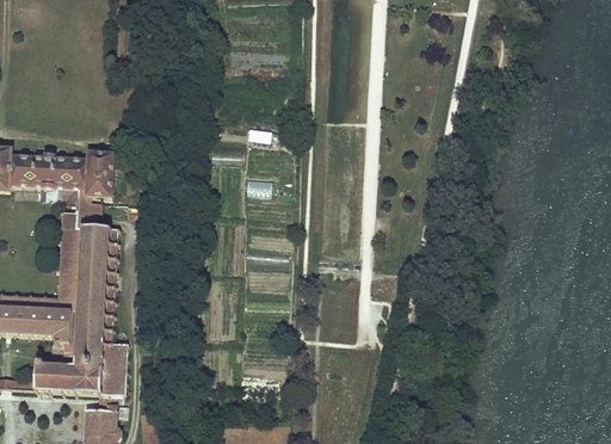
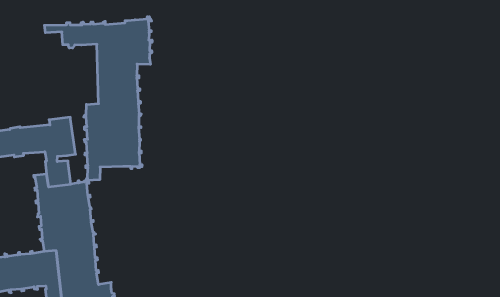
building: none -> [44,17,152,180]

